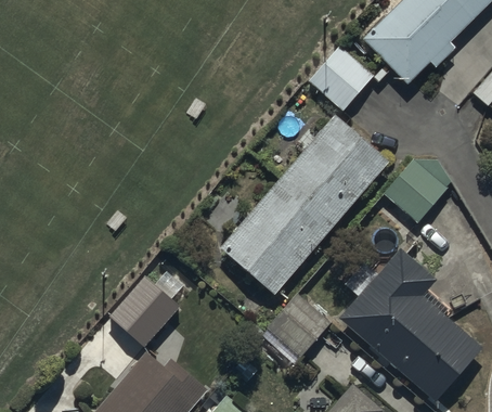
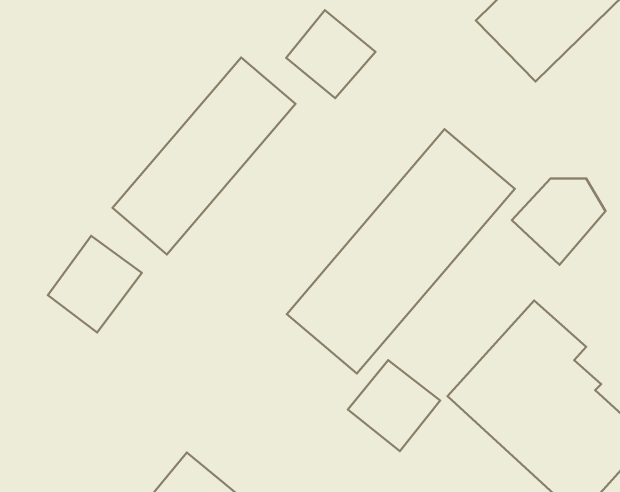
building: [306,50,371,114] -> [286,10,375,98]
building: none -> [113,57,295,254]
building: [115,278,183,348] -> [48,236,142,333]

